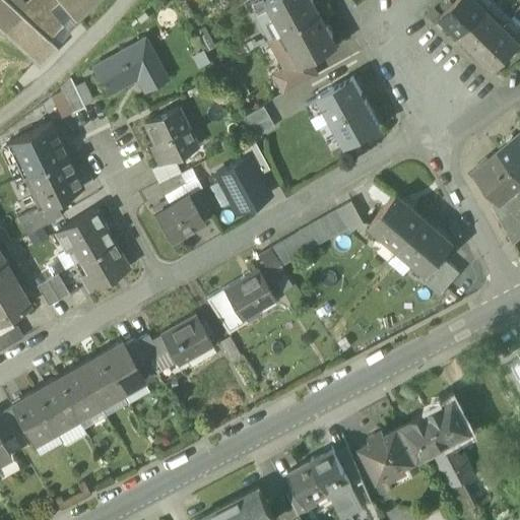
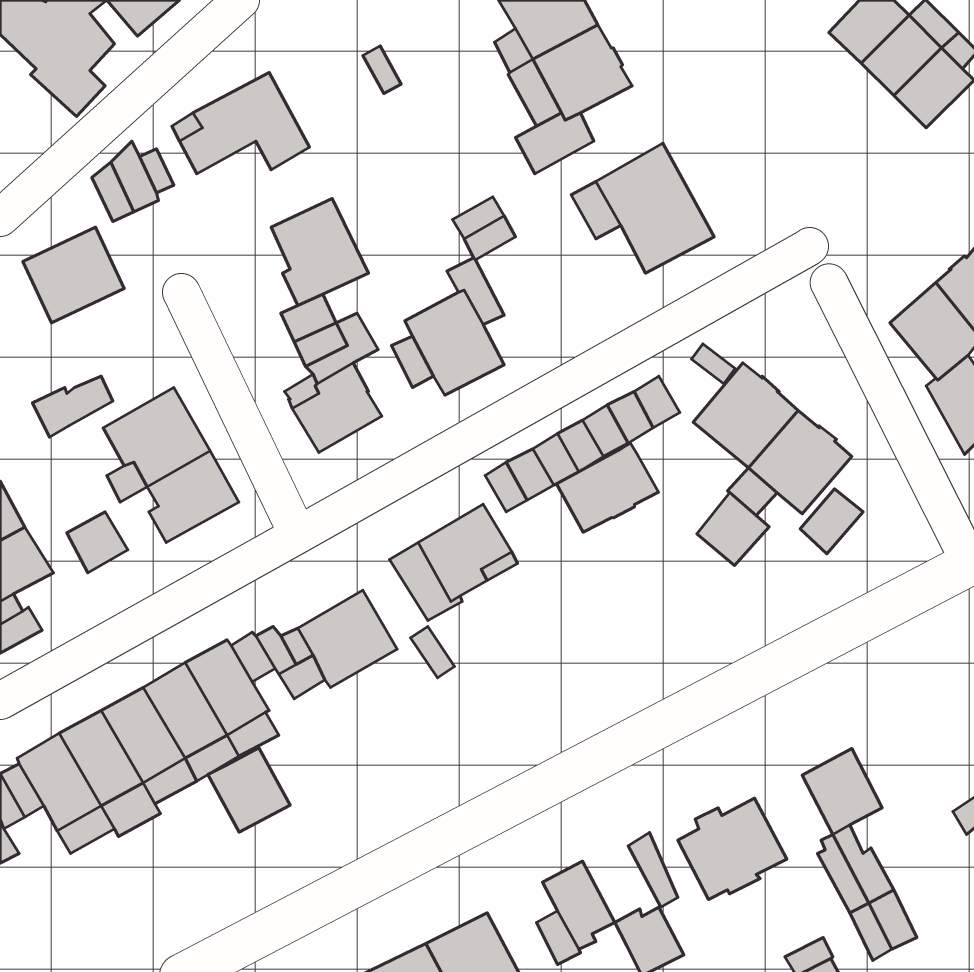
building: [28,155,82,208] -> none
building: none -> [557,443,659,532]
building: none -> [697,493,769,565]
building: none -> [208,748,290,832]
building: [402,414,444,459] -> none
building: [311,449,352,493] -> none

